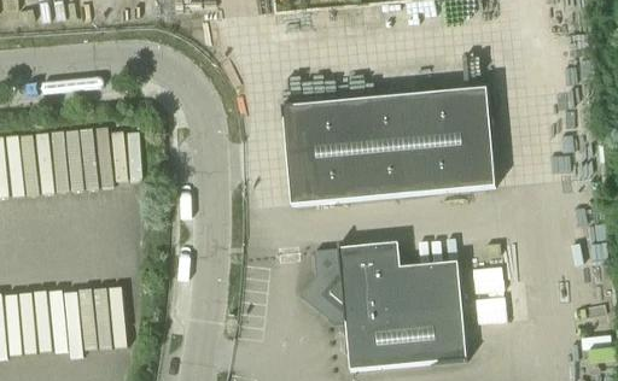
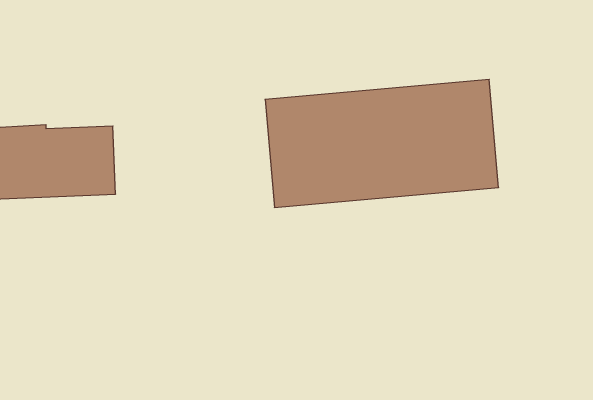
building: [299,244,466,370] -> none

